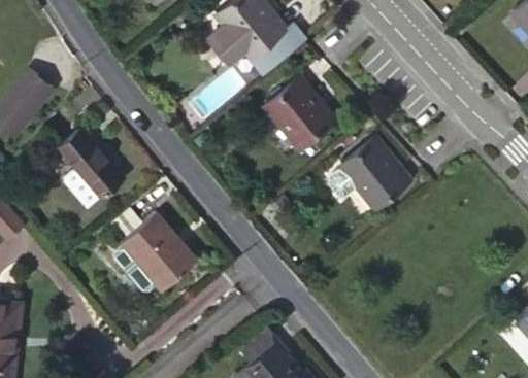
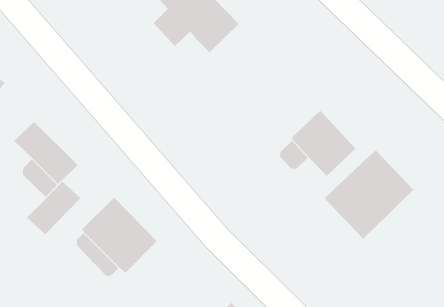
building: [264,77,333,147] -> none
building: none -> [324,150,414,240]
building: none -> [26,181,81,235]

